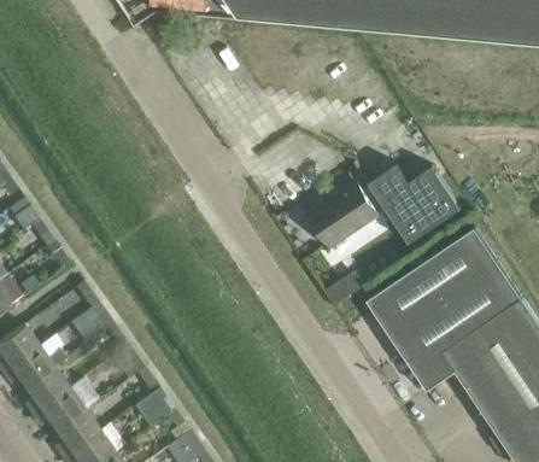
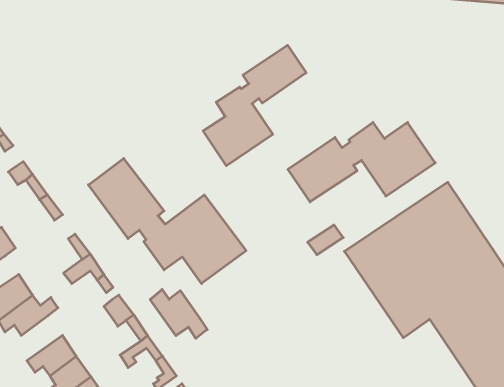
building: none -> [203,45,306,166]
building: none -> [88,158,246,284]
building: none -> [150,289,207,338]
building: [24,368,70,415] -> none

